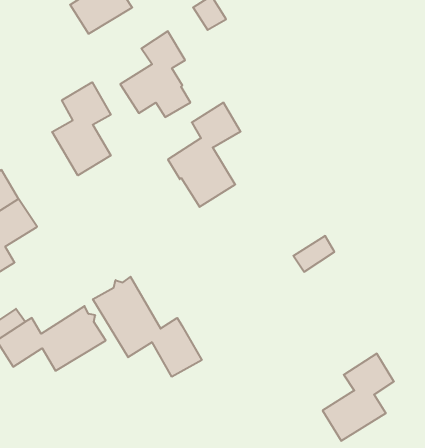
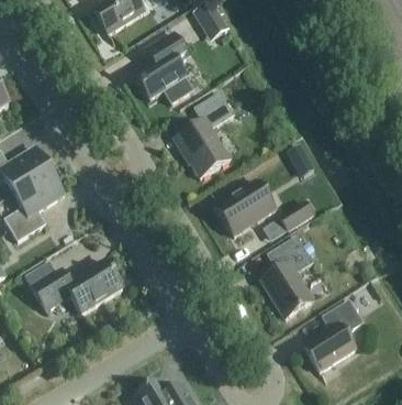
building: [52,82,111,175] -> none
building: none -> [215,179,276,234]
building: [93,277,202,377] -> none
building: none -> [263,236,313,317]

